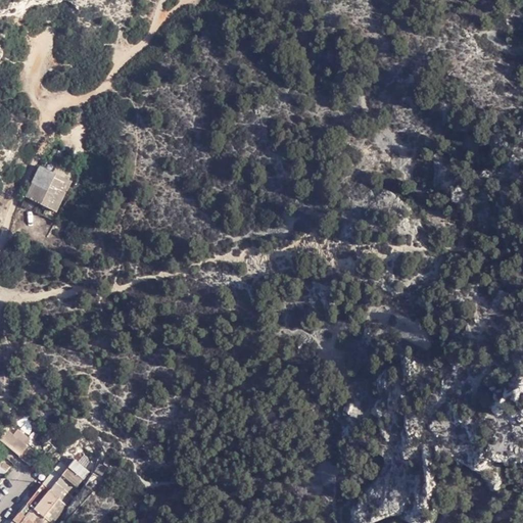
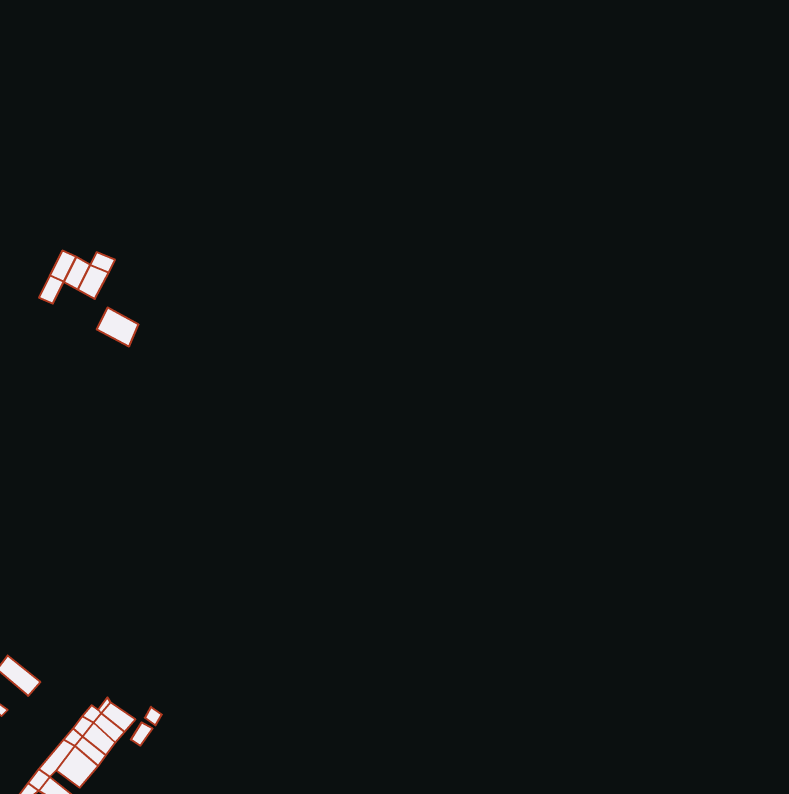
building: [35,186,62,211] -> [97,308,139,346]

